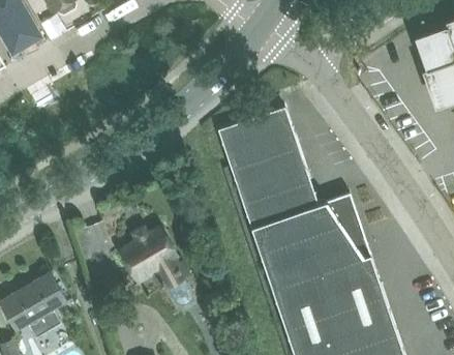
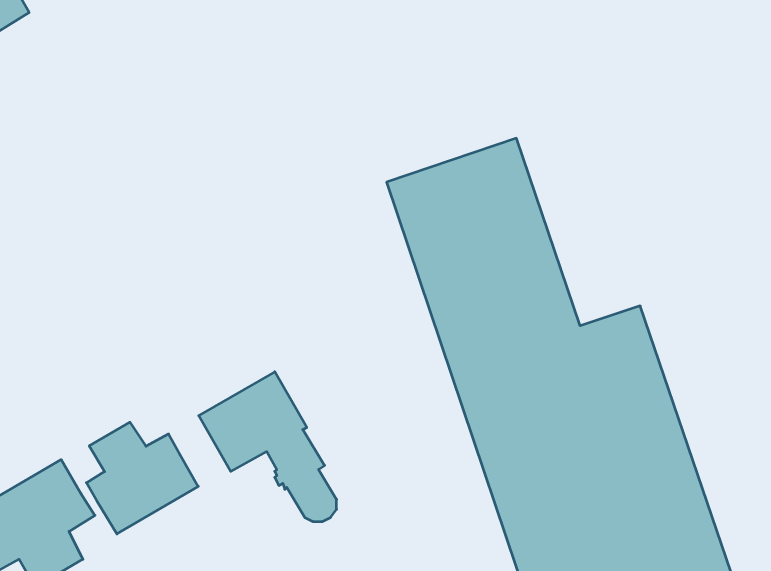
building: none -> [86,422,198,534]

